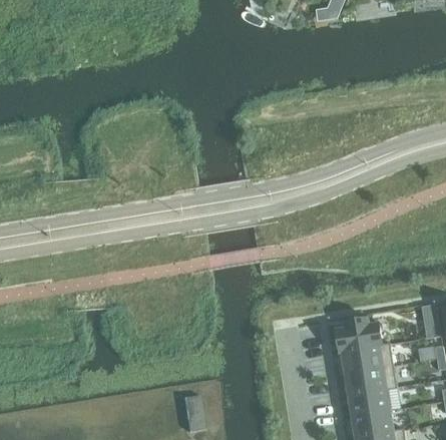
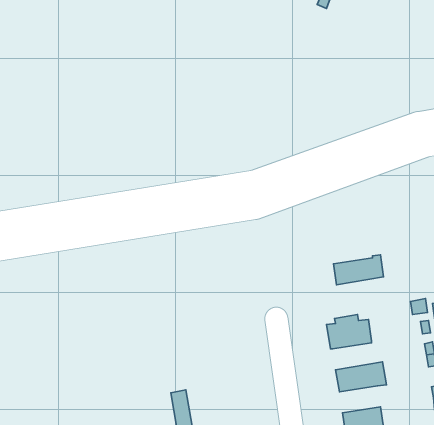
building: [342,343,392,373] -> [334,255,384,285]
building: [349,389,390,416] -> none

